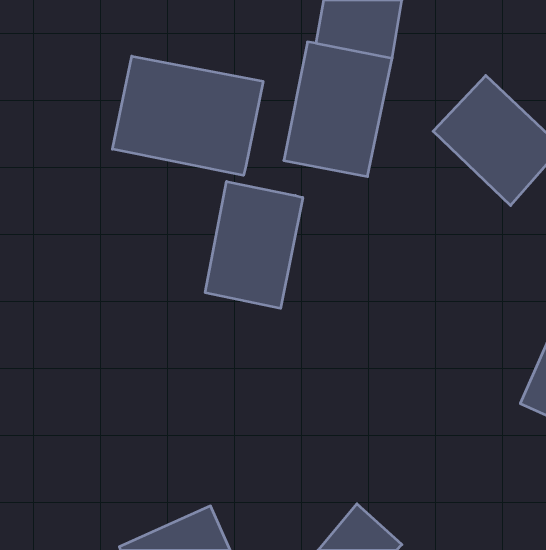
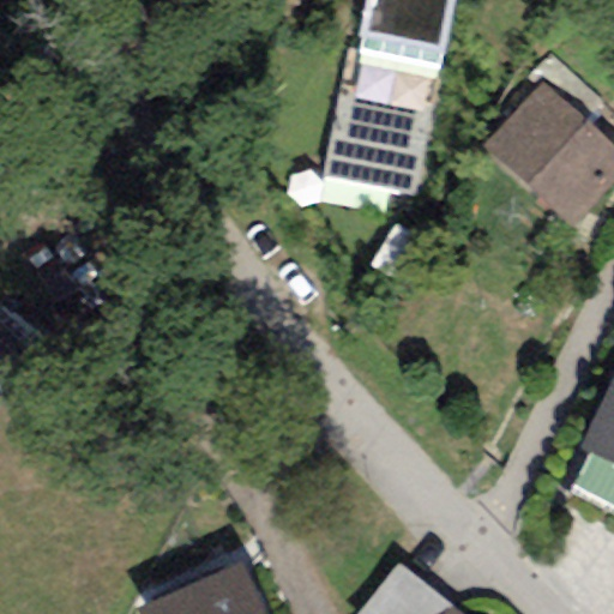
building: [112,56,263,175] -> none
building: [205,181,303,308] -> none

